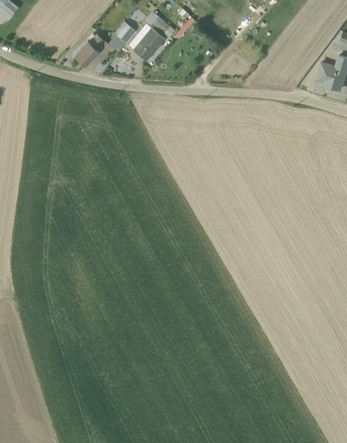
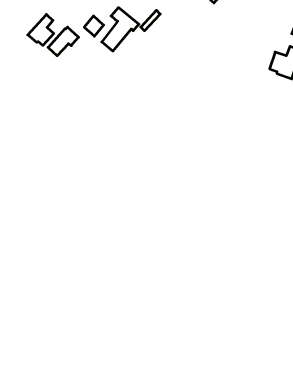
building: none -> [28,14,54,45]

